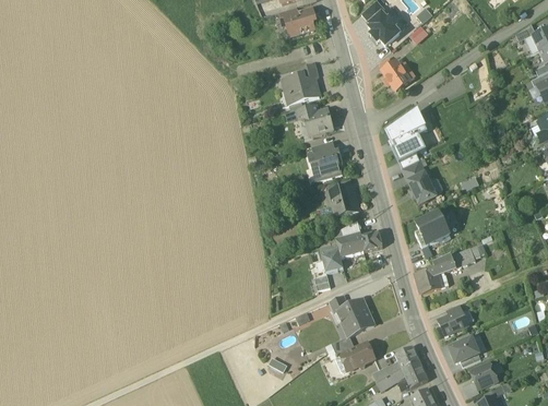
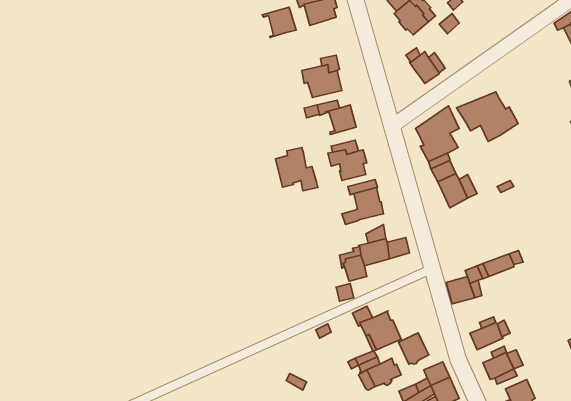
building: none -> [262,7,296,38]
building: none -> [457,92,518,141]
building: none -> [276,148,318,191]
building: [415,212,449,247] -> none
building: none -> [398,333,429,364]

